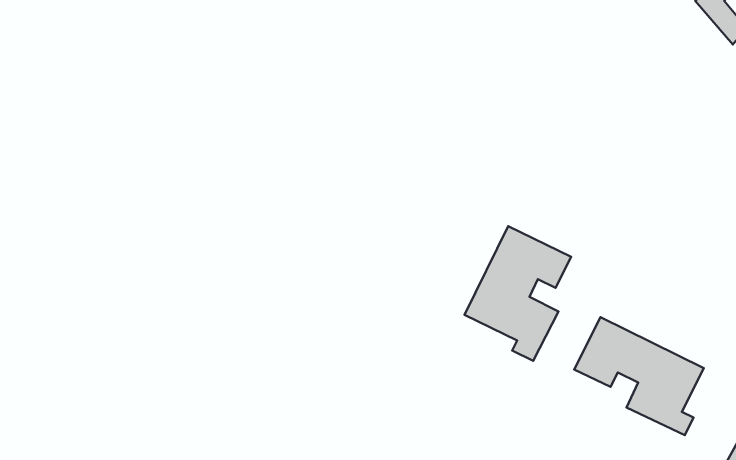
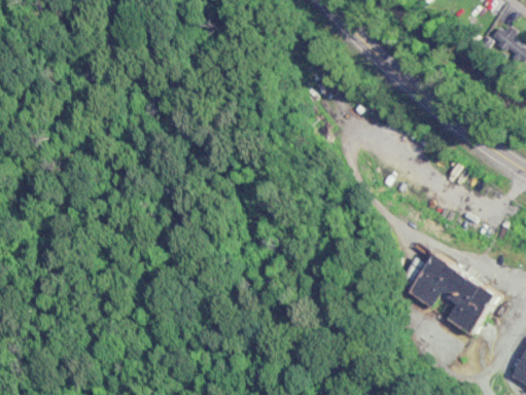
building: [465,226,571,361] -> none

